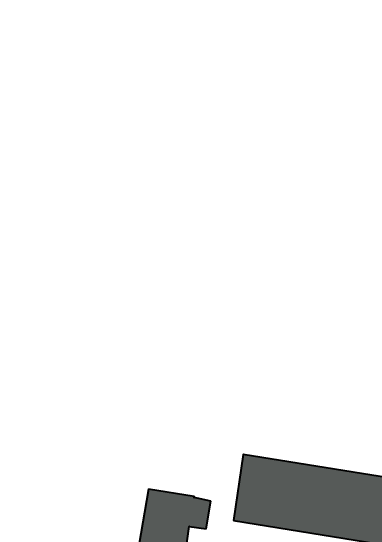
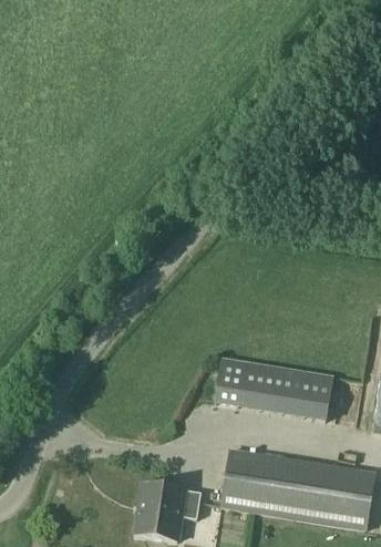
building: none -> [215,357,332,417]

